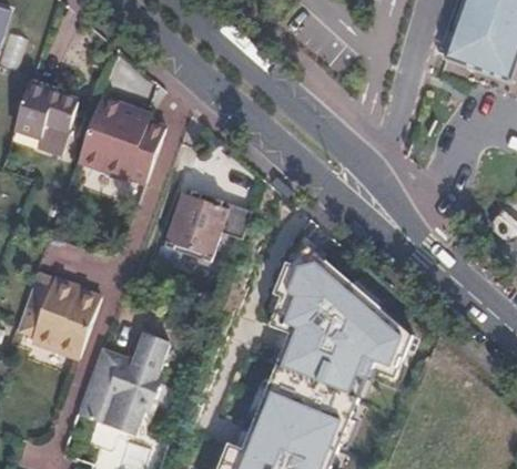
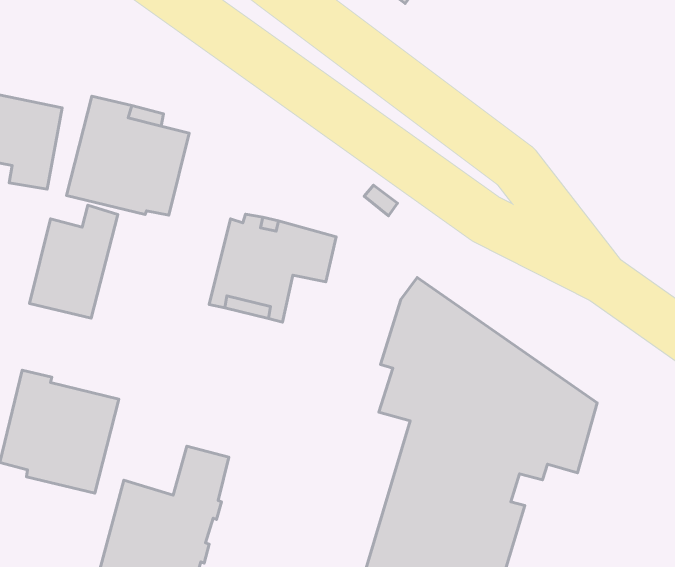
building: none -> [30,205,118,318]

